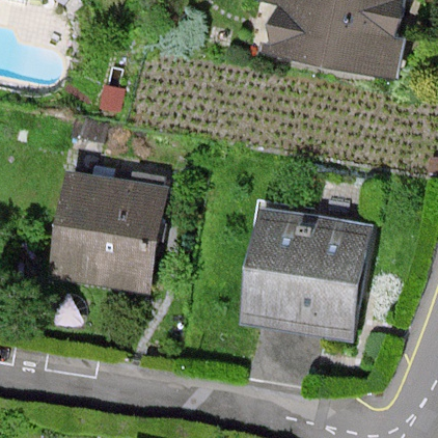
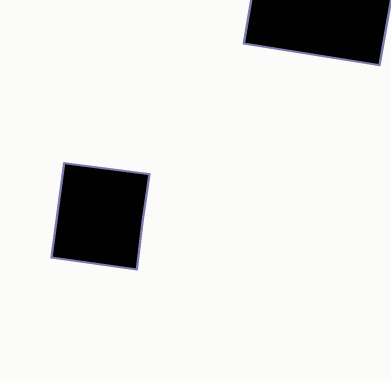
building: [248,209,362,331] -> none

